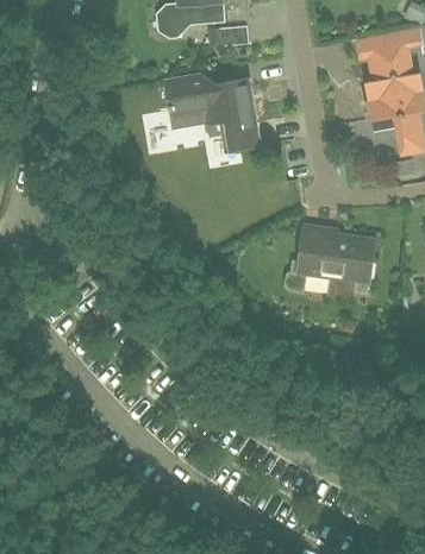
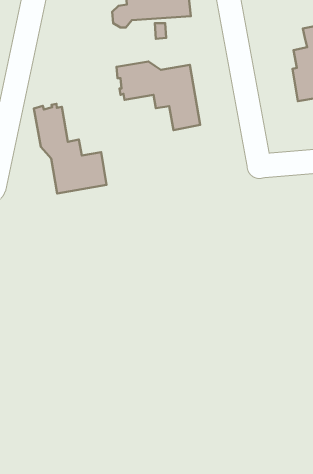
building: none -> [34,104,106,193]
building: [296,226,373,297] -> none

